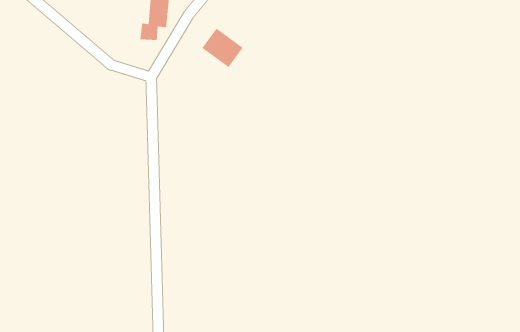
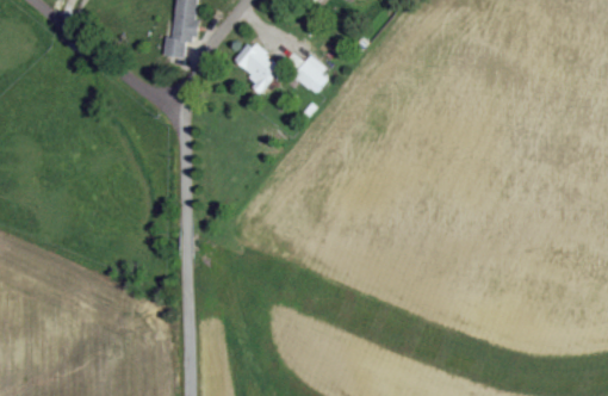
building: none -> [293,54,330,91]

